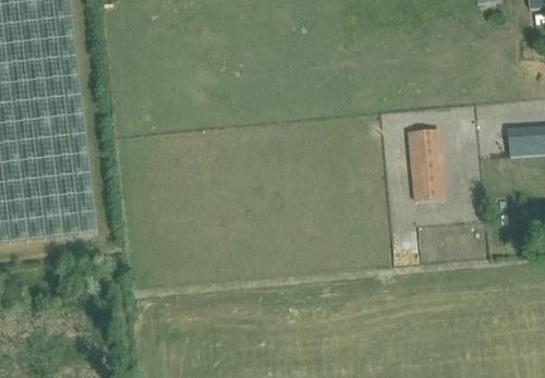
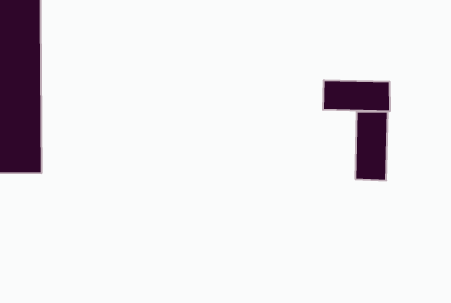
building: none -> [323,80,390,111]

